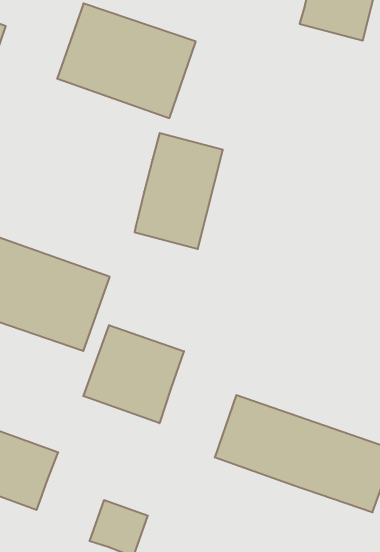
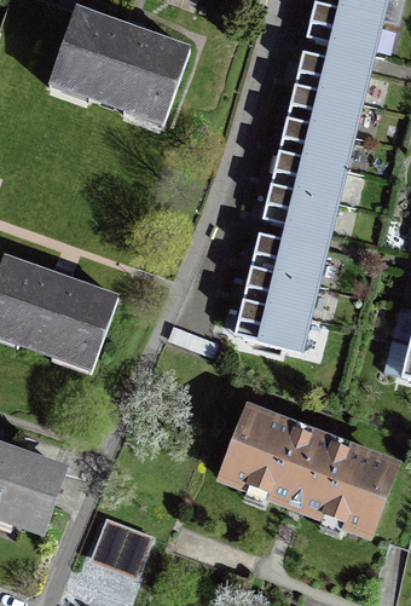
building: none -> [262,52,369,232]
building: [135,133,223,249] -> [235,231,324,348]
building: [83,325,184,423] -> none

